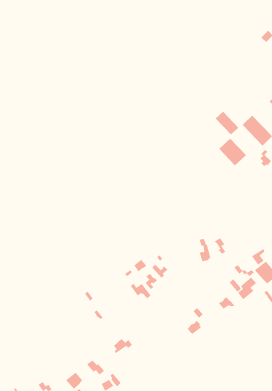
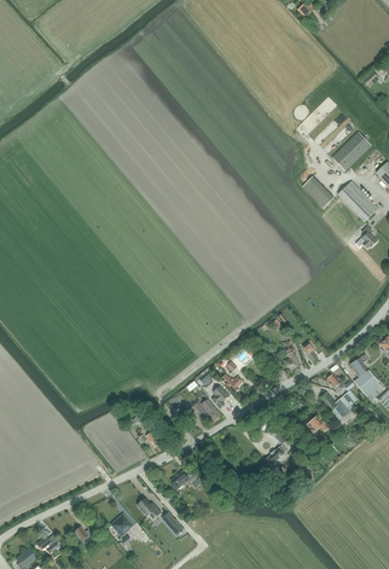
building: none -> [332,132,372,170]
building: [218,138,247,166] -> none

